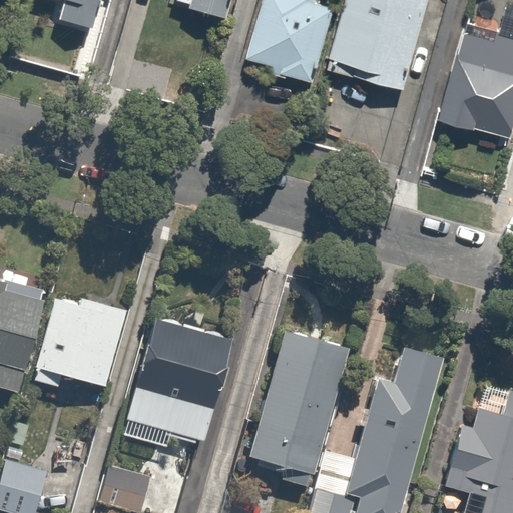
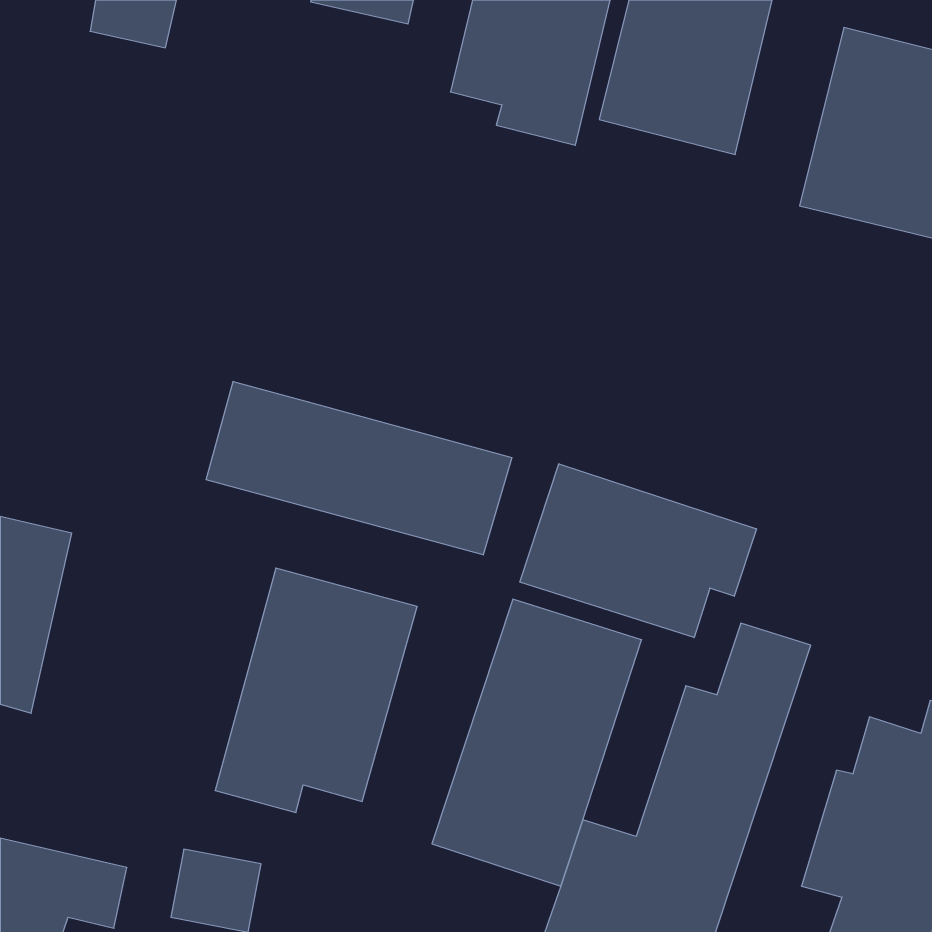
building: none -> [206,381,512,555]
building: none -> [520,464,756,638]
building: [32,293,126,388] -> none

